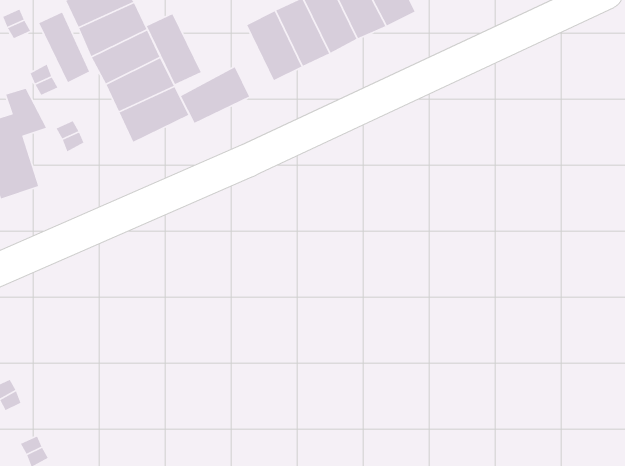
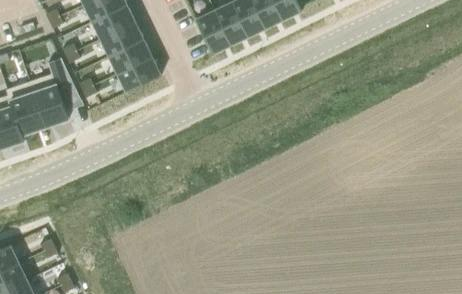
building: [38,12,90,83] -> none
building: [146,13,202,85] -> none
building: [180,66,250,124] -> none

